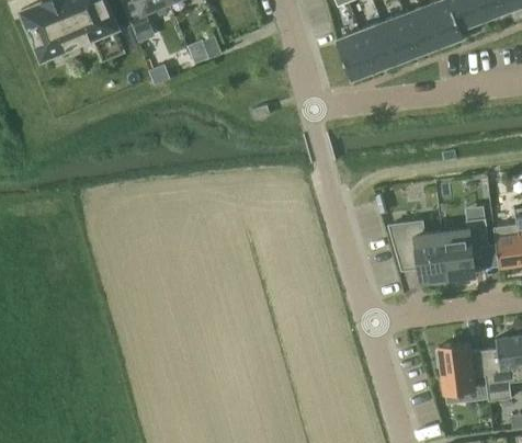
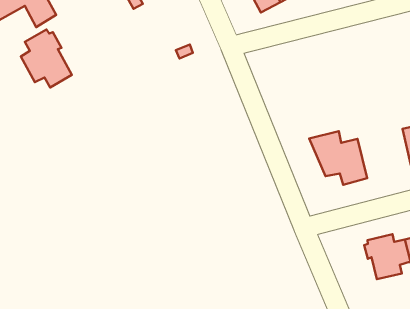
building: none -> [21,29,72,87]
building: [443,218,490,282] -> none

